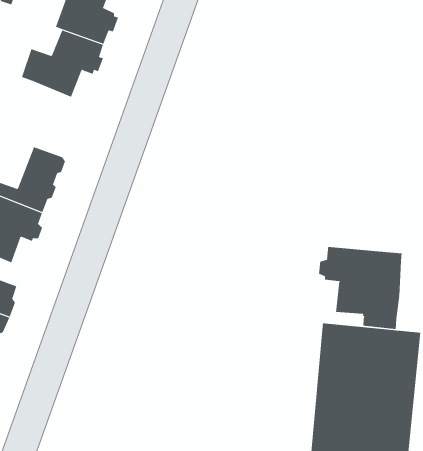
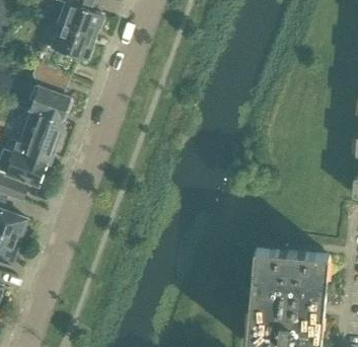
building: none -> [28,65,72,122]
building: [318,246,402,330] -> none

